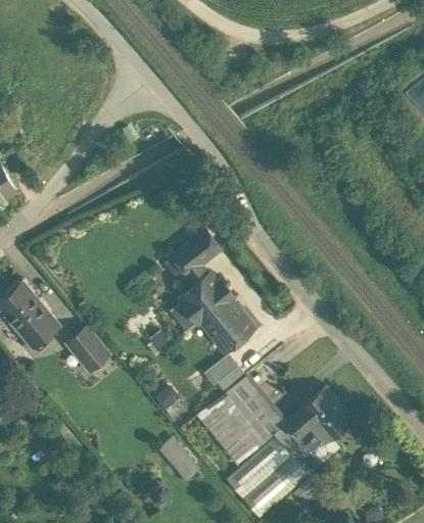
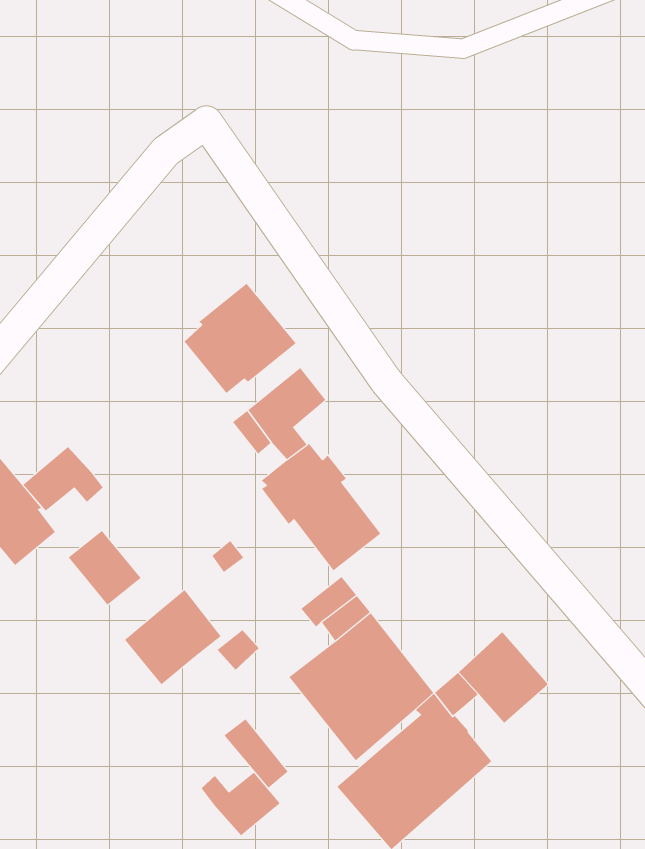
building: none -> [184,283,296,394]
building: none -> [23,446,103,512]
building: none -> [124,589,221,685]
building: none -> [201,772,281,836]

